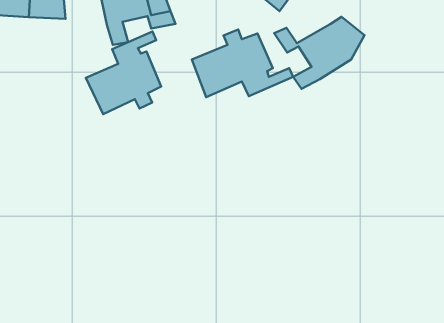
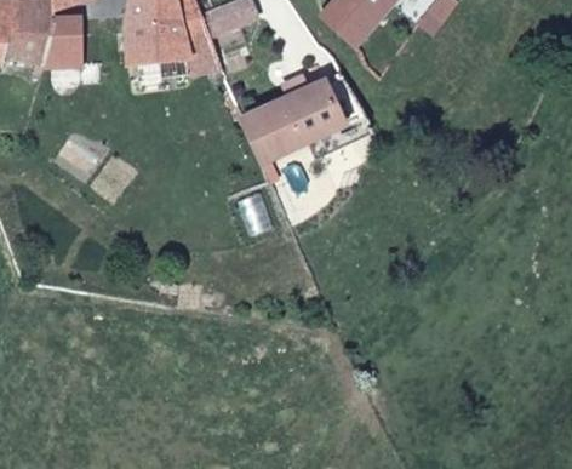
building: [274,17,365,89] -> none
building: [86,31,161,114] -> none

